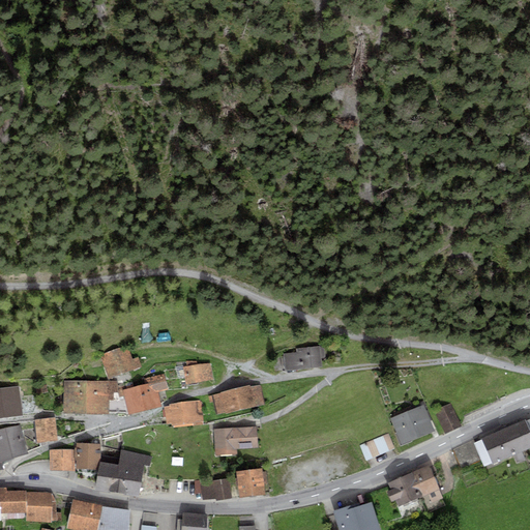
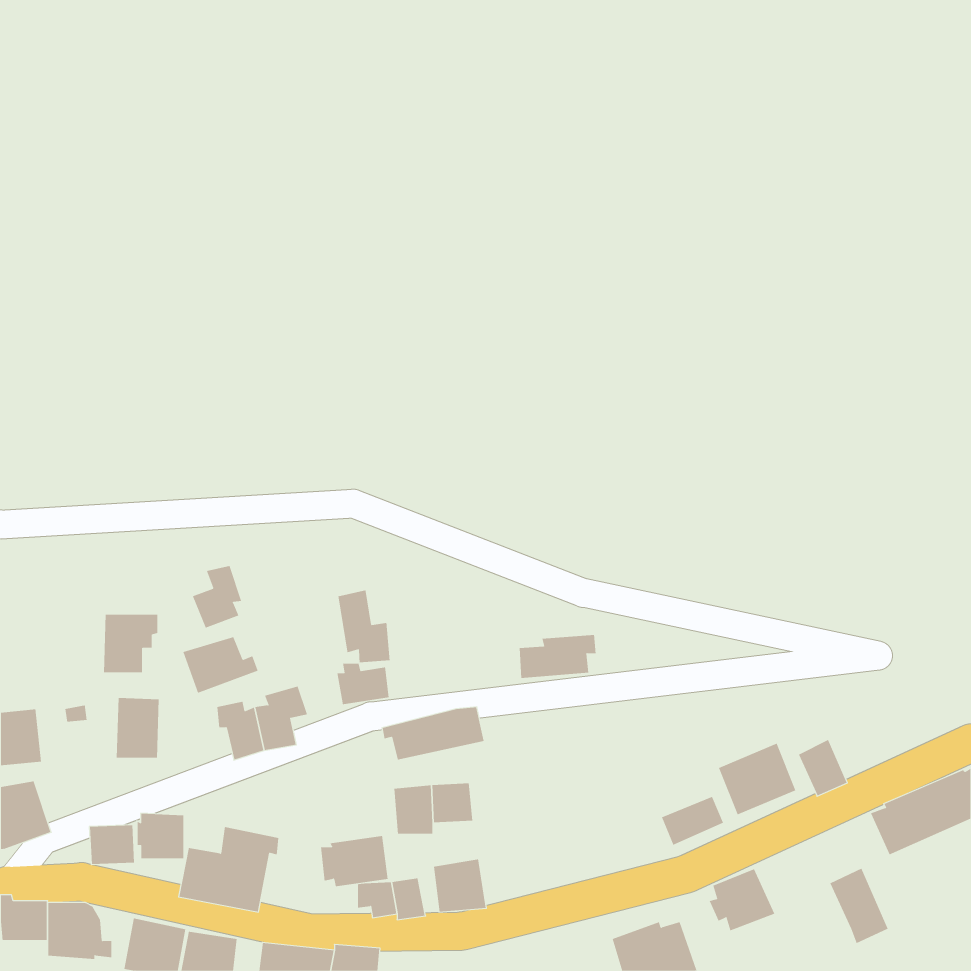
building: none -> [192,565,242,629]
building: none -> [338,590,390,663]
building: [86,381,116,413] -> [103,614,158,673]
building: [165,401,202,429] -> [320,835,389,887]
building: [35,418,57,442] -> none
building: [411,465,443,506] -> [830,868,889,944]

